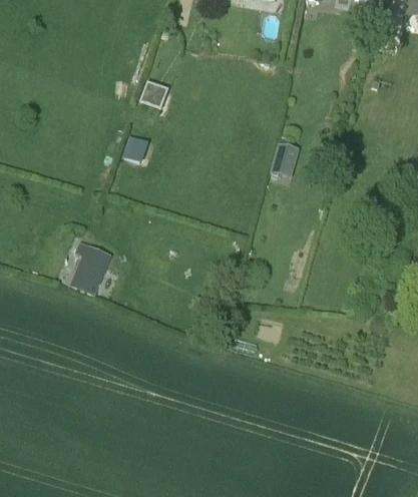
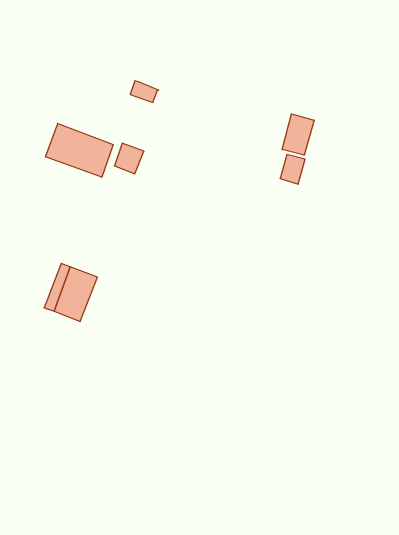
building: none -> [282,114,314,155]
building: none -> [45,123,113,177]

